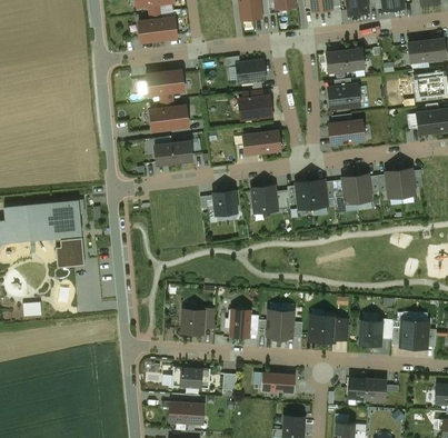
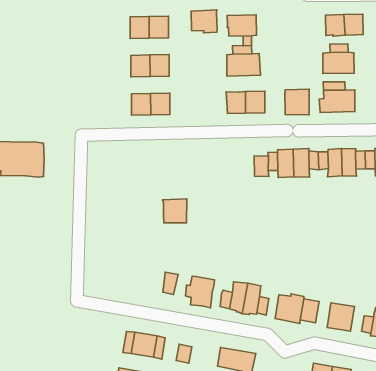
building: none -> [191,10,217,33]
building: none -> [285,89,309,115]
building: [252,186,277,211] -> none
building: [212,190,237,215] -> [163,199,187,223]
building: [56,238,84,268] -> none
building: [182,309,203,334] -> none

